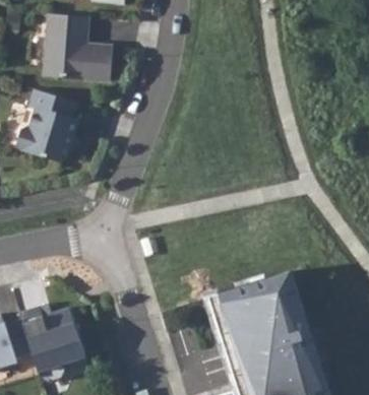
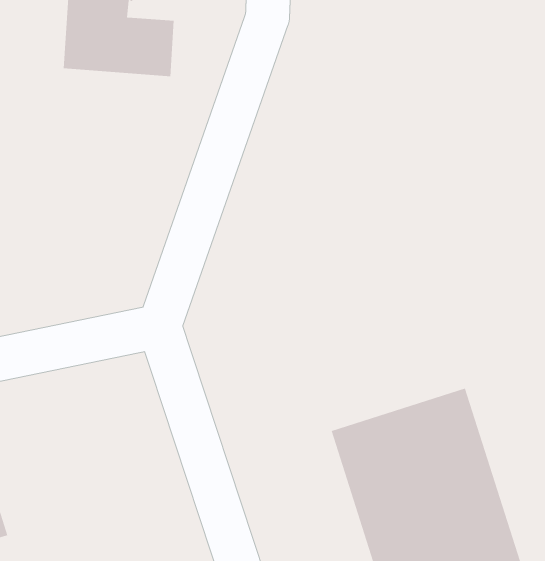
building: [17,88,79,161] -> none
building: [16,311,79,371] -> none

